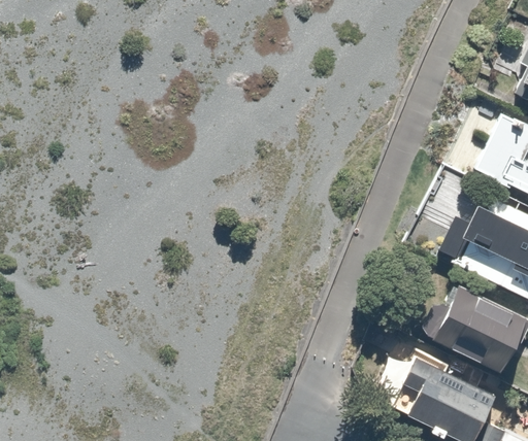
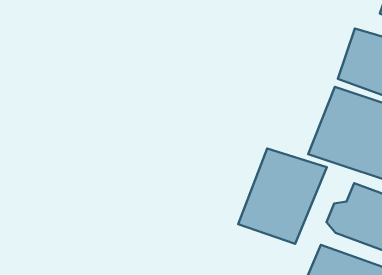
building: none -> [238,149,327,244]

